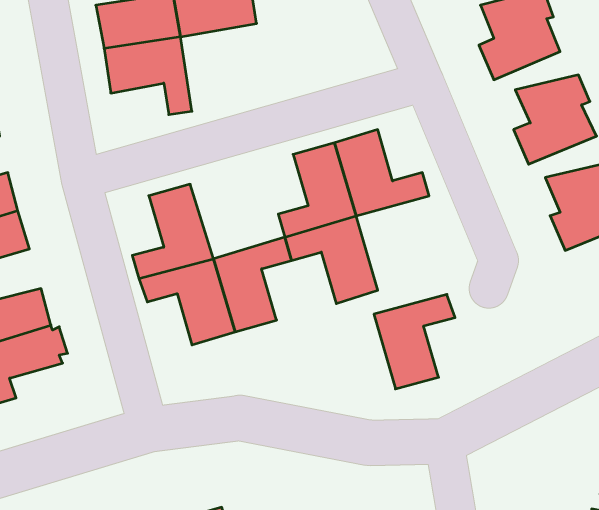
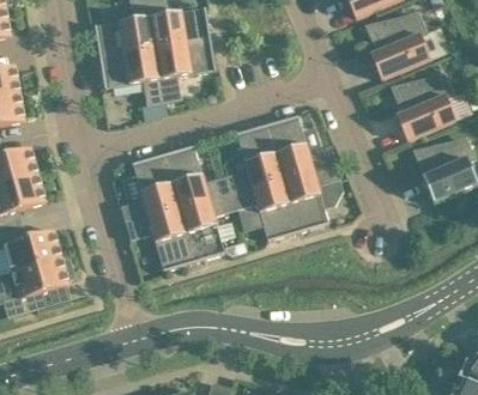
building: none -> [155,38,214,102]
building: none -> [162,145,230,208]
building: [374,294,455,389] -> [282,163,340,231]

